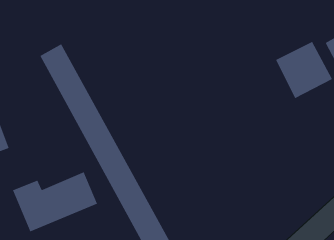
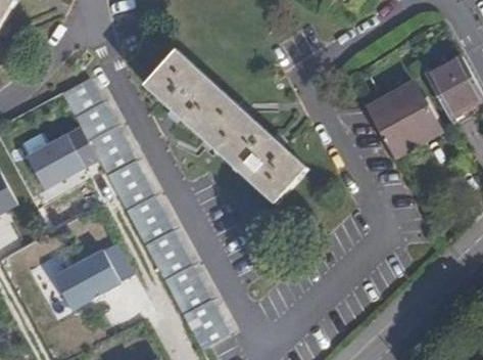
building: none -> [148,51,308,205]
building: none -> [28,135,92,193]

